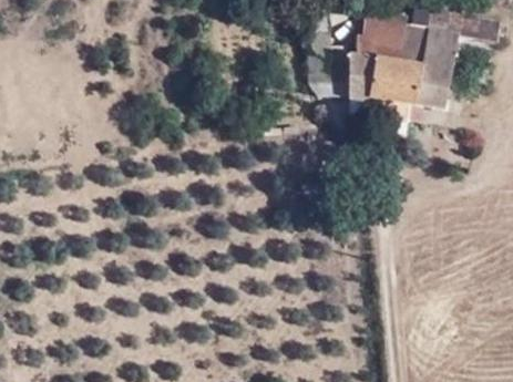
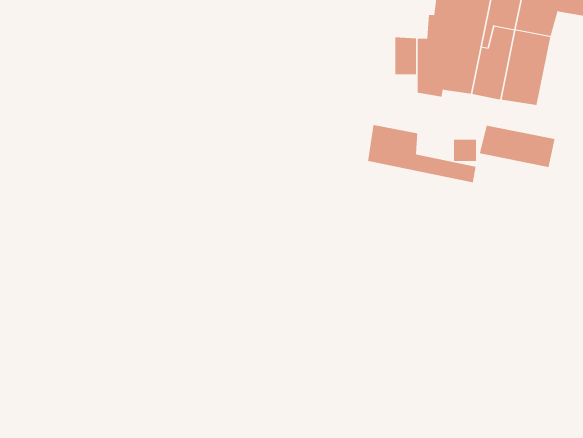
building: none -> [368,124,476,183]
building: none -> [479,125,555,168]

